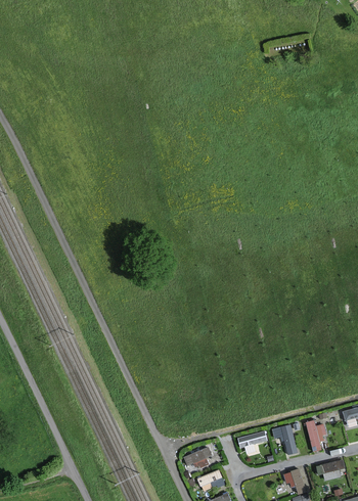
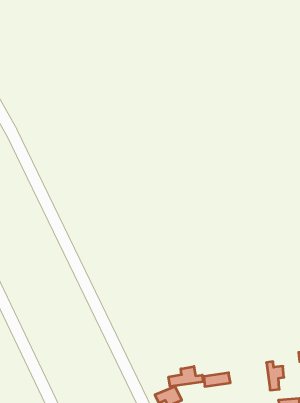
building: [272,425,298,456] -> none
building: none -> [169,366,203,386]

